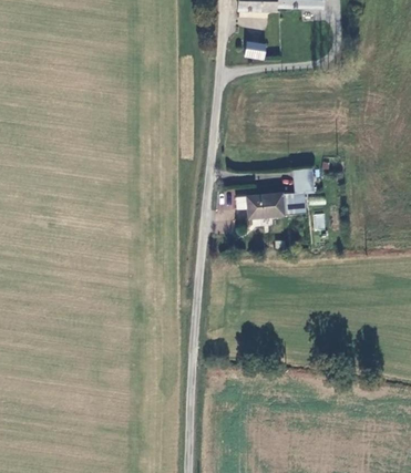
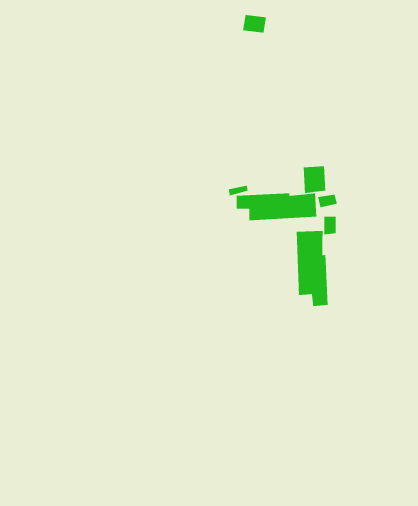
building: none -> [296,230,329,307]

